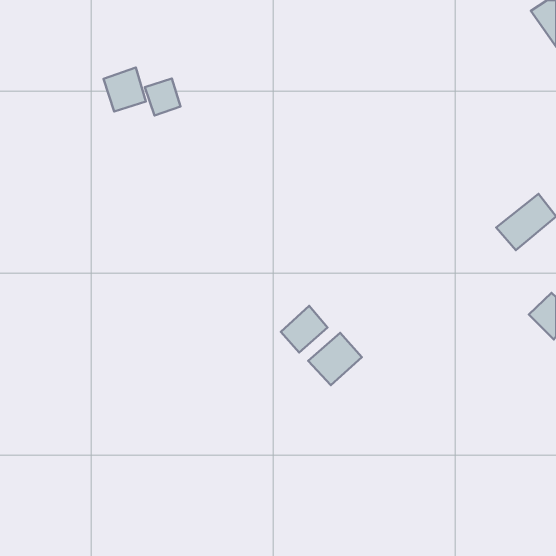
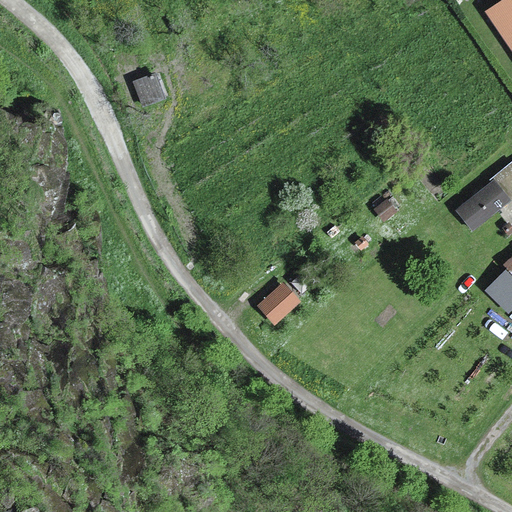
building: [103,68,146,112] -> none
building: [308,333,362,385] -> none

